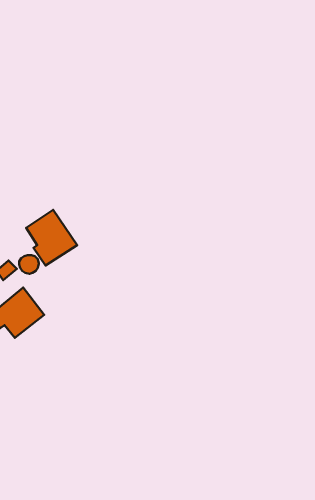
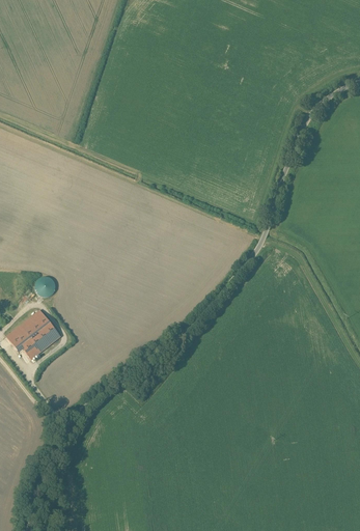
building: [26,210,77,265] -> none

